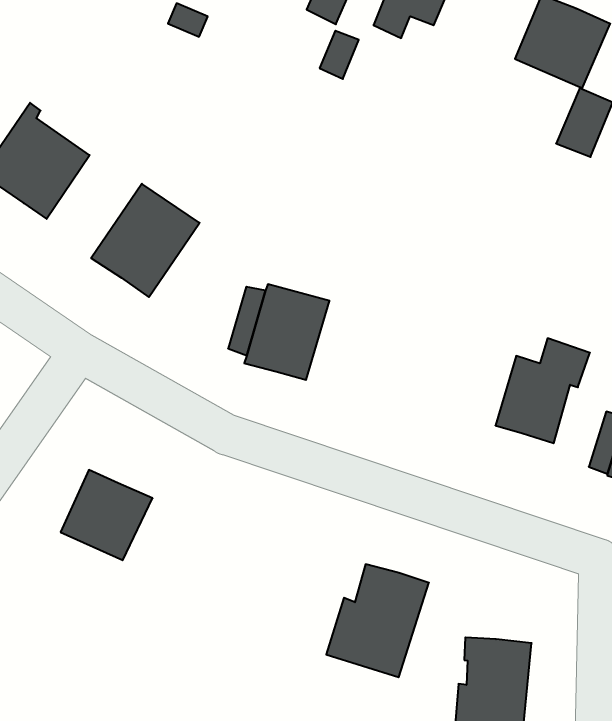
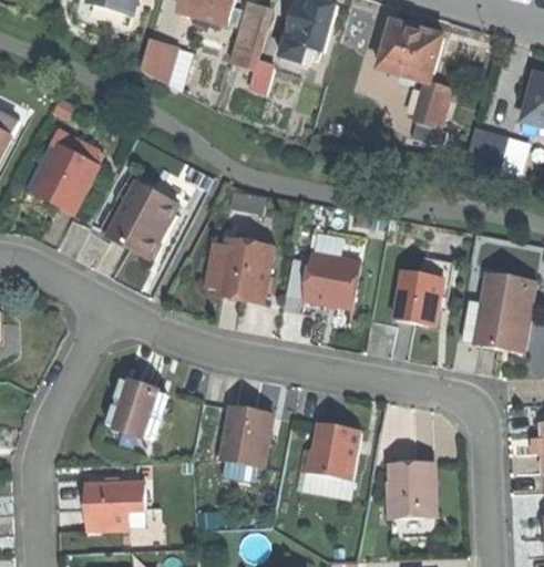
building: none -> [285,250,360,306]
building: none -> [220,404,271,478]
building: none -> [85,481,145,526]

